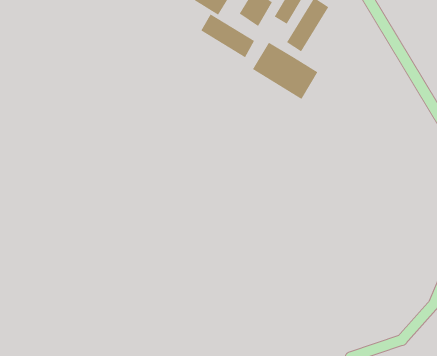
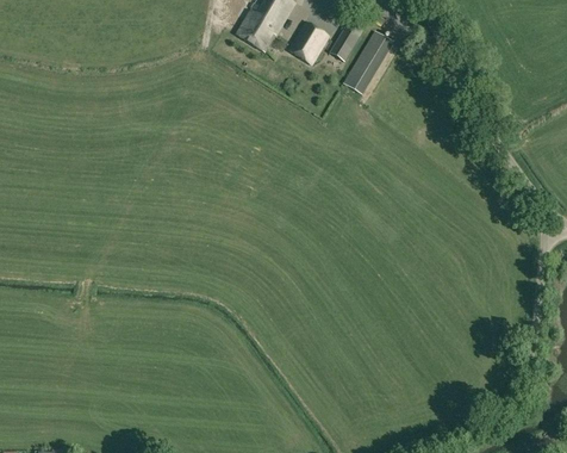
building: [201,13,255,58] -> none
building: [252,42,318,100] -> none

